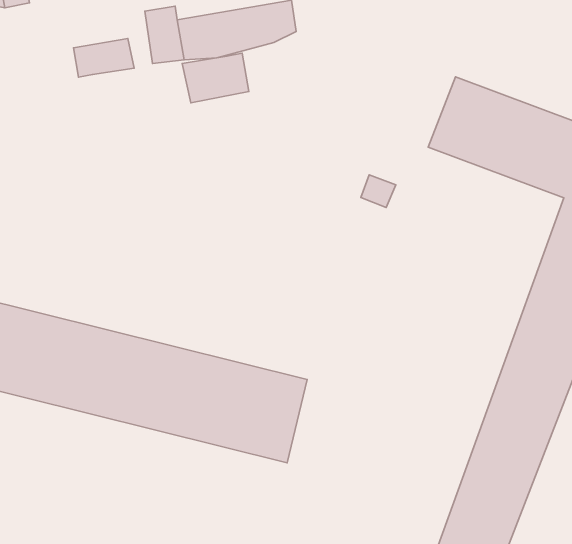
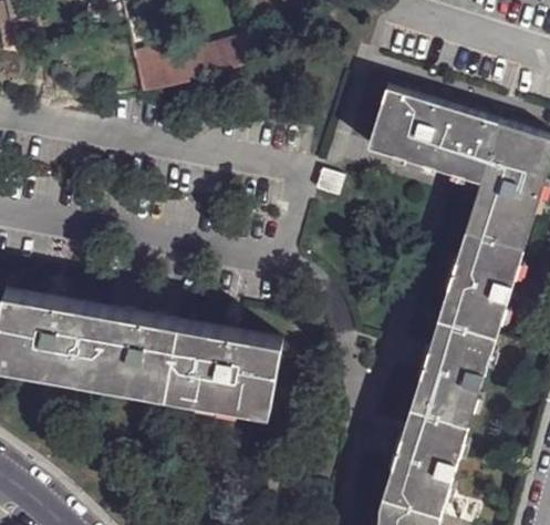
building: [74,38,134,77] -> none
building: [182,53,249,103] -> none

